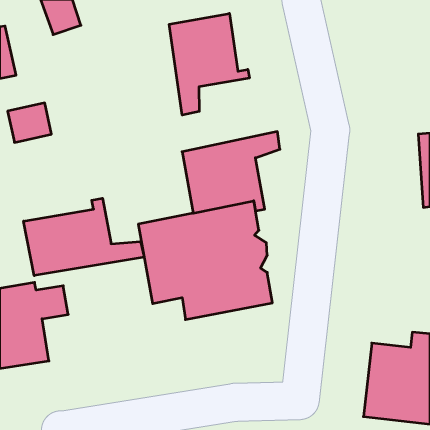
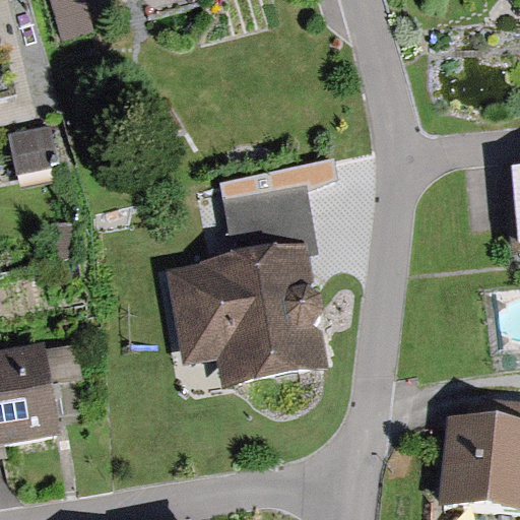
building: [169,13,249,115] -> none
building: [24,198,144,276] -> none

